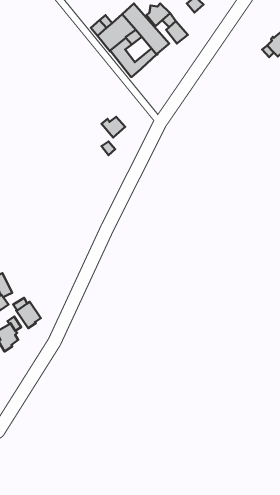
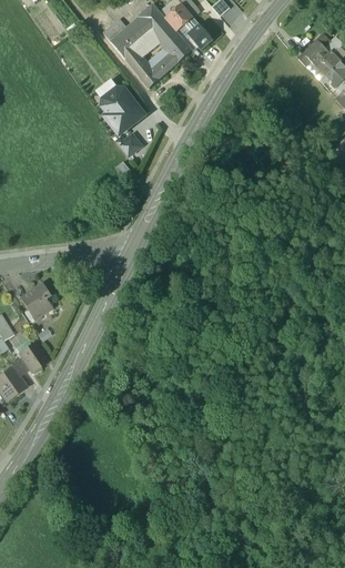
building: none -> [102,80,144,134]
building: none -> [20,283,52,318]

